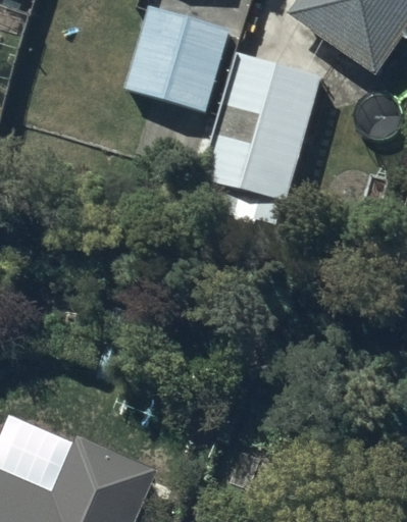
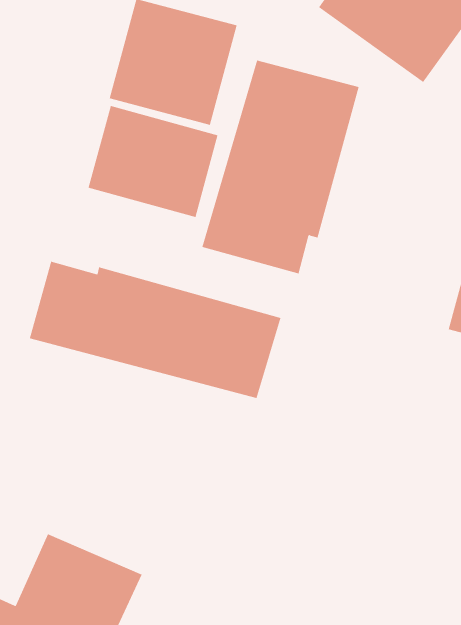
building: none -> [88,105,218,218]
building: none -> [29,261,281,399]

